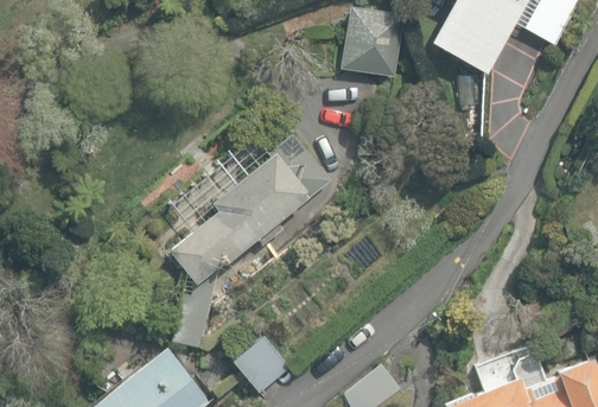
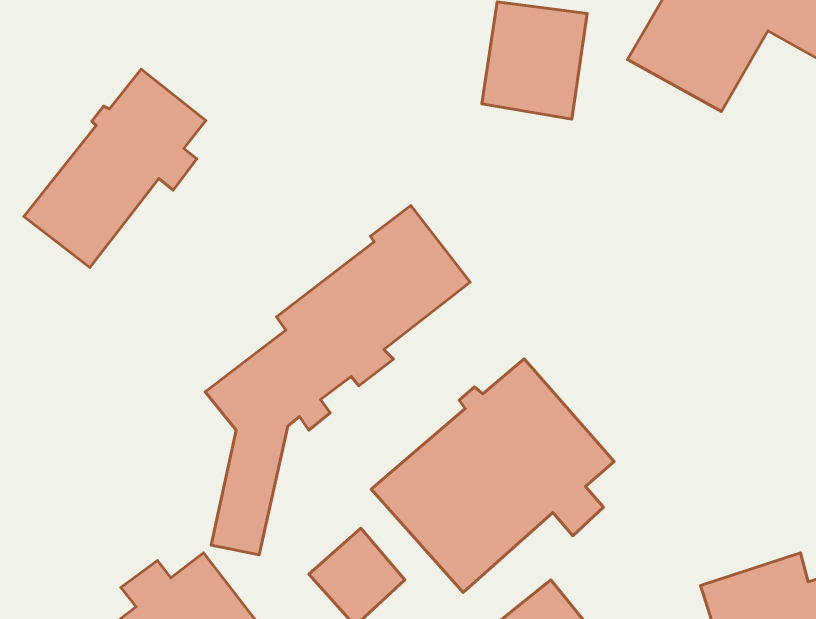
building: none -> [24,69,206,268]
building: none -> [371,359,614,592]

